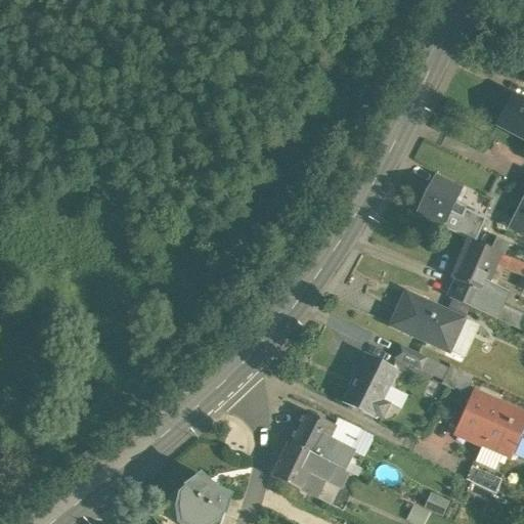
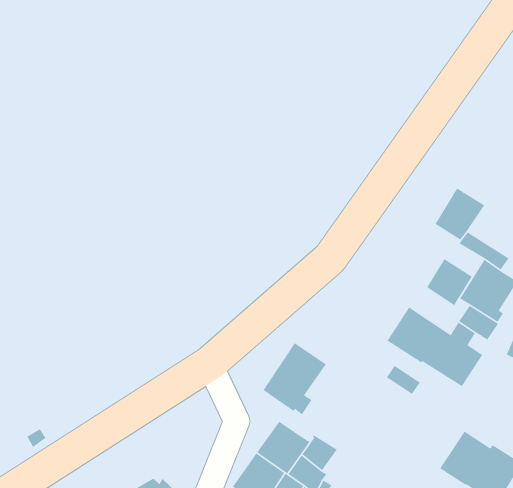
building: none -> [426,258,473,306]
building: [344,352,398,417] -> [262,342,327,415]

